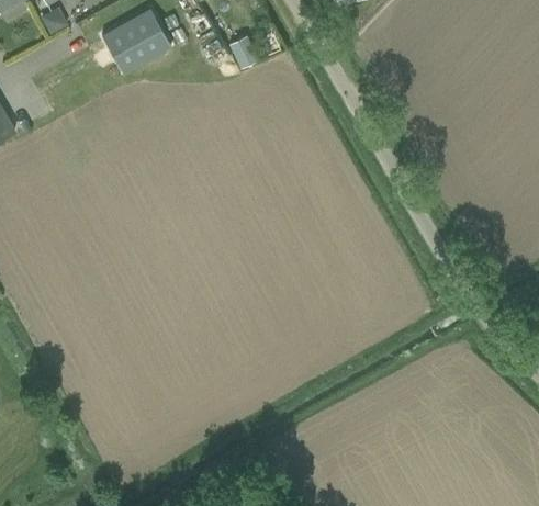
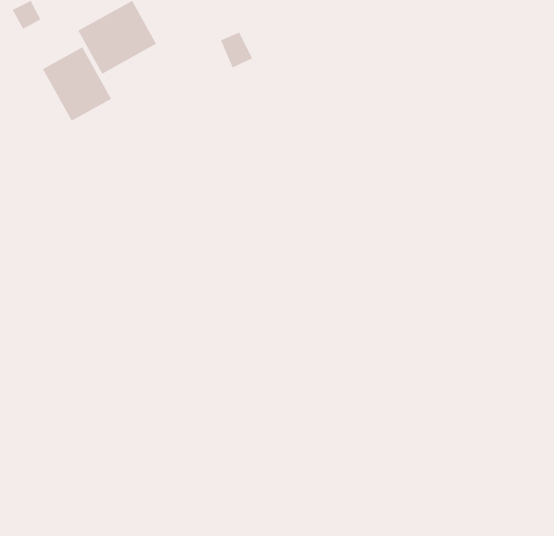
building: none -> [42,46,112,122]

